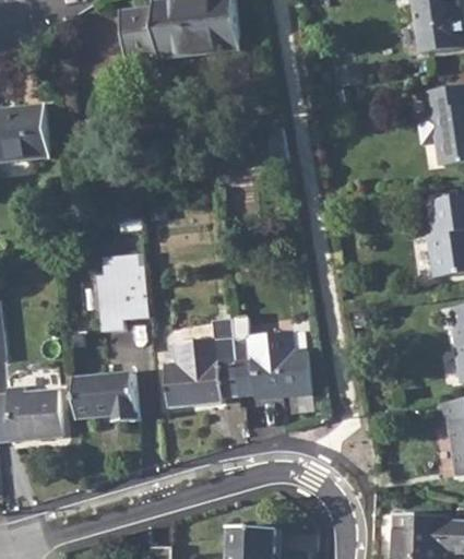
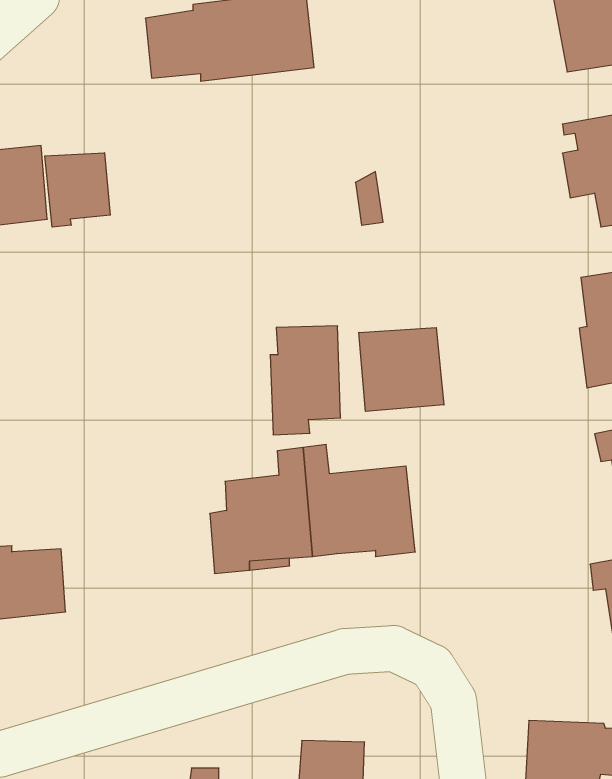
building: none -> [45,153,110,227]
building: none -> [359,328,444,411]
building: [102,251,152,329] -> [270,326,341,435]
building: [72,373,139,424] -> none

